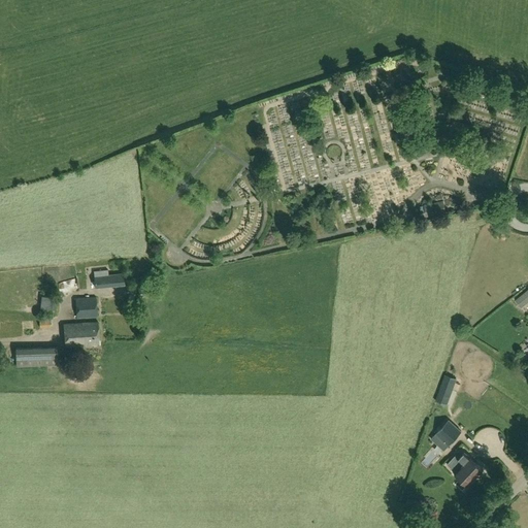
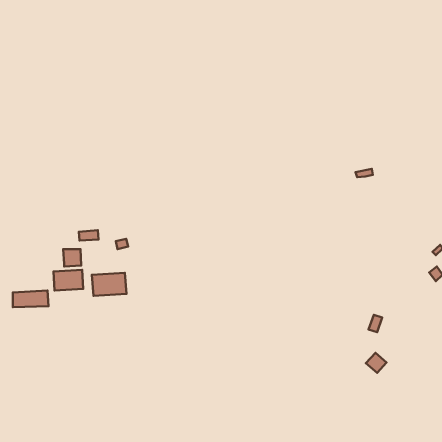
building: none -> [92,273,126,296]
building: [447,452,483,486] -> none

